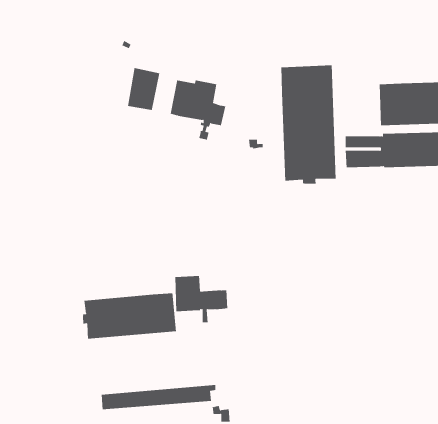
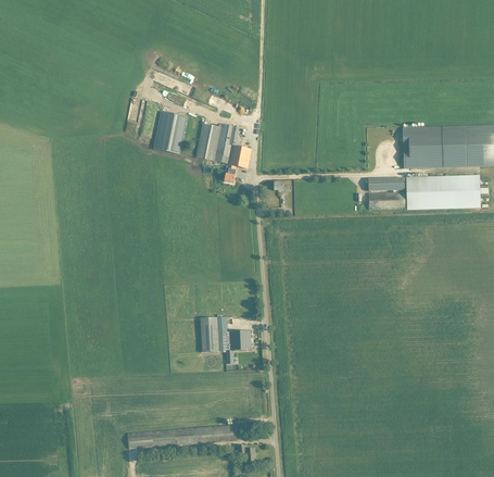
building: [281,65,336,185] -> none
building: [83,293,176,340] -> none

